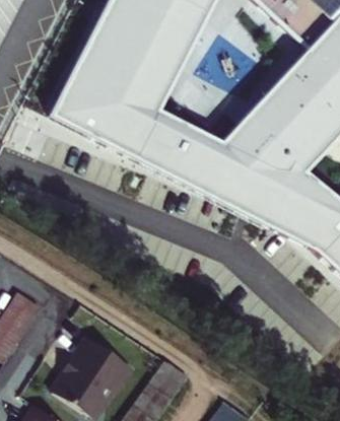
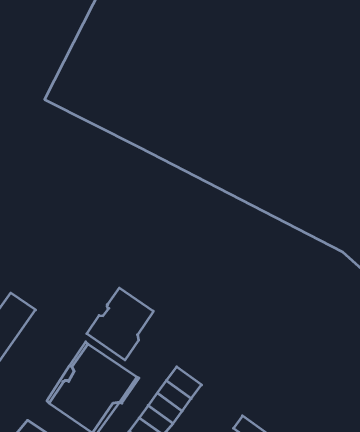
building: none -> [87,288,153,360]

